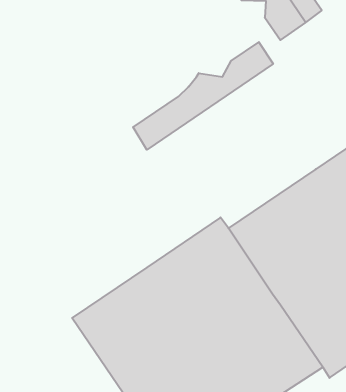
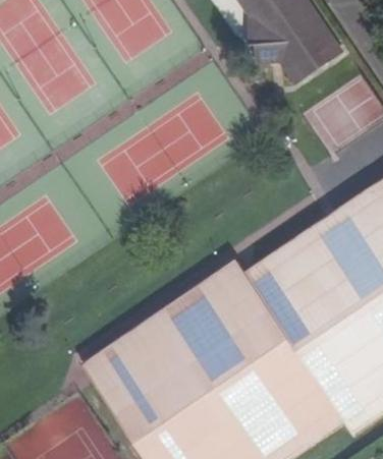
building: [133,42,273,150] -> none

